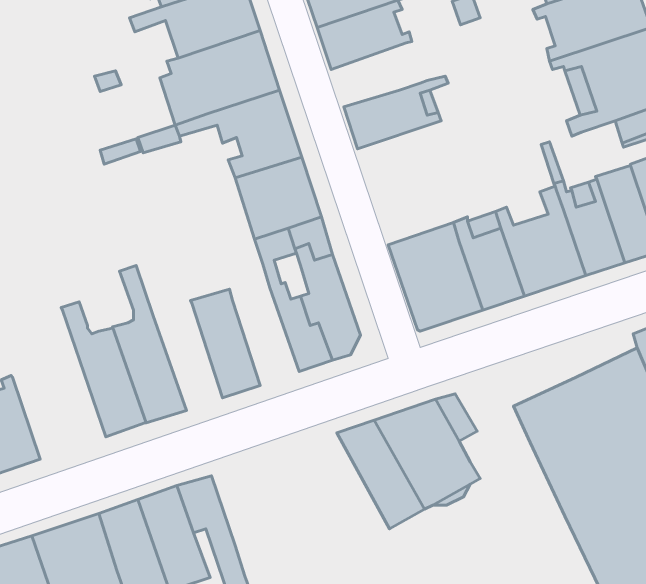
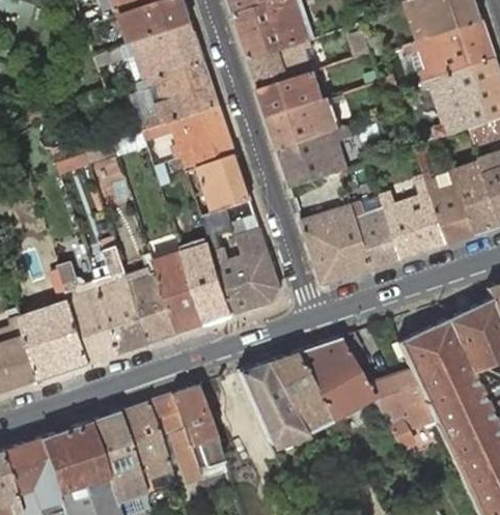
building: none -> [259,70,326,118]
building: none -> [279,127,350,189]
building: none -> [186,253,235,325]
building: none -> [127,254,178,344]
building: none -> [22,269,91,380]
building: none -> [235,361,303,444]
building: none -> [363,368,434,446]
building: none -> [170,383,220,467]

